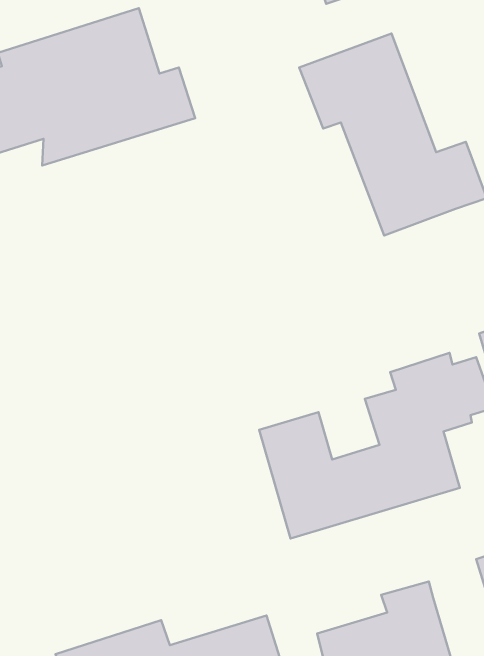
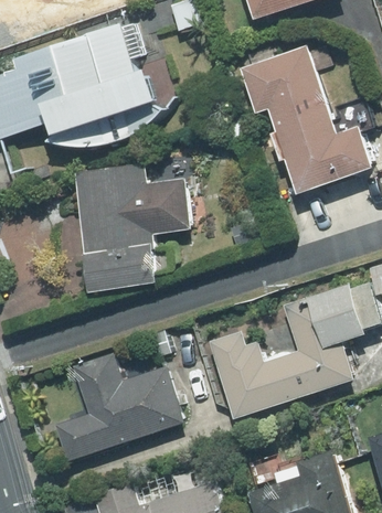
building: none -> [73,158,191,291]
building: none -> [55,352,183,460]

